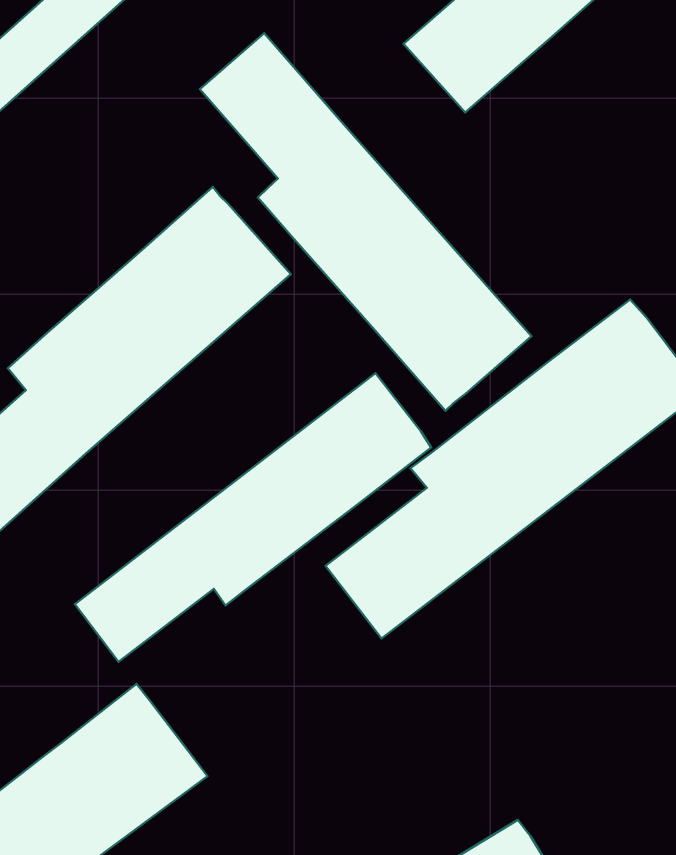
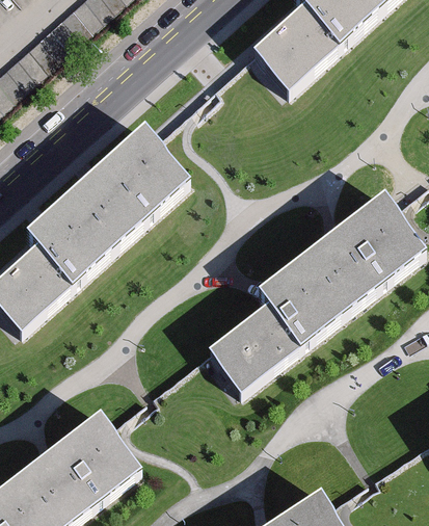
building: [200,33,532,411] -> none
building: [75,373,431,662] -> none

